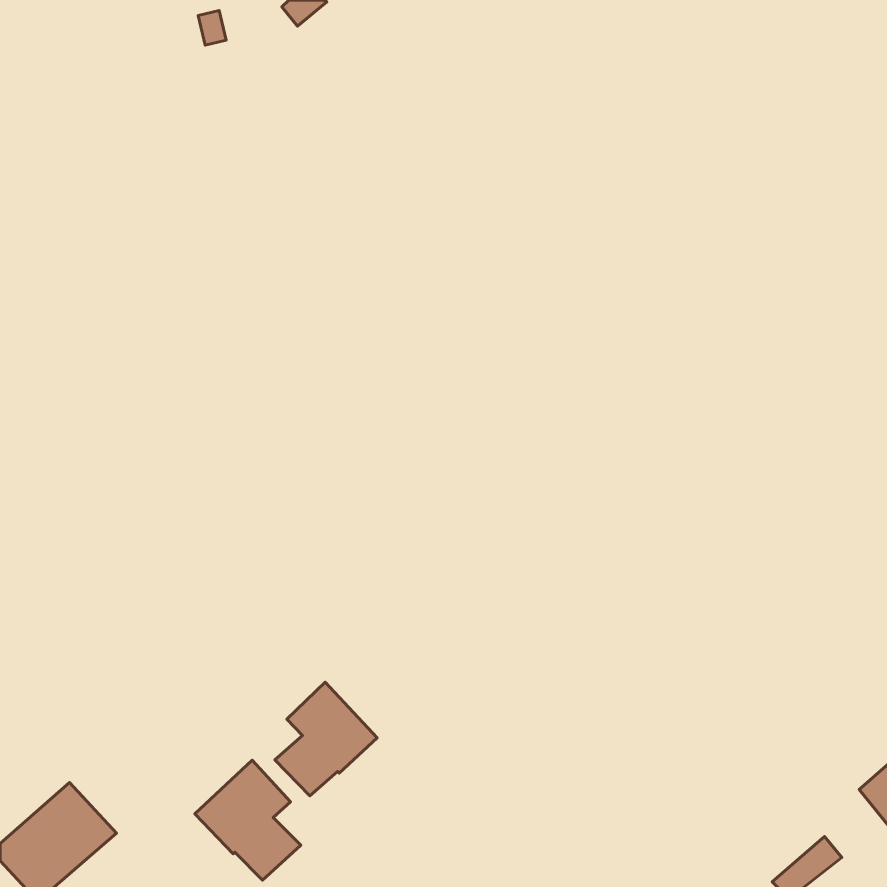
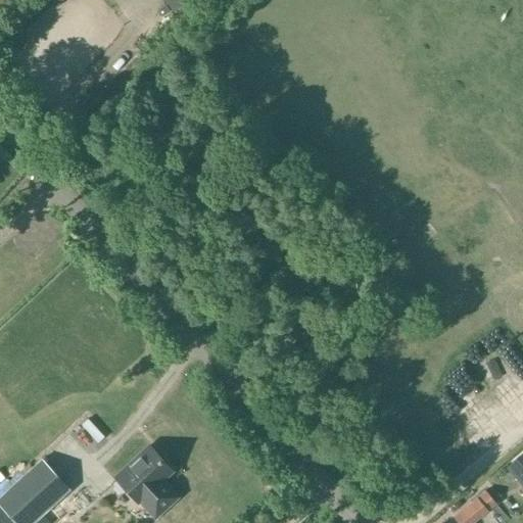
building: [275,682,377,796] -> none

